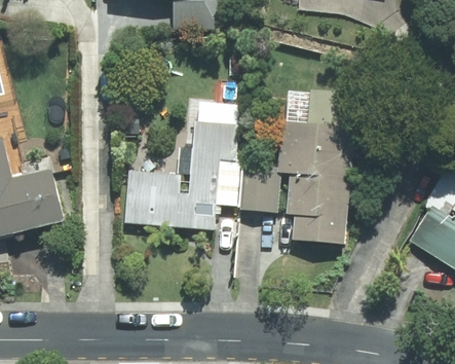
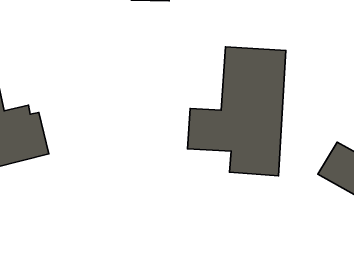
building: [121,121,238,229] -> none

